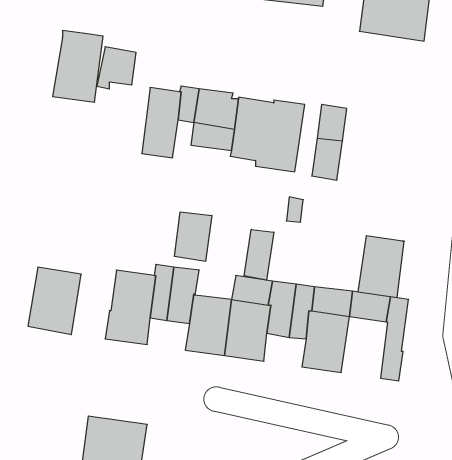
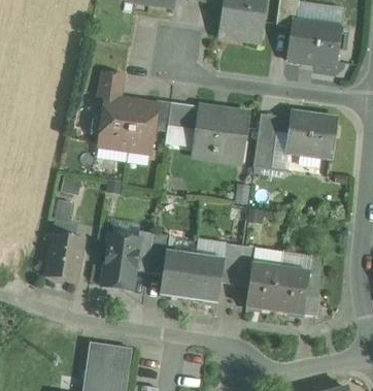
building: [53,31,103,102] -> [97,97,134,150]
building: none -> [286,112,336,157]
building: [174,212,212,261] -> none
building: [244,229,274,280] -> none
building: [358,236,404,297] -> [274,269,308,315]

